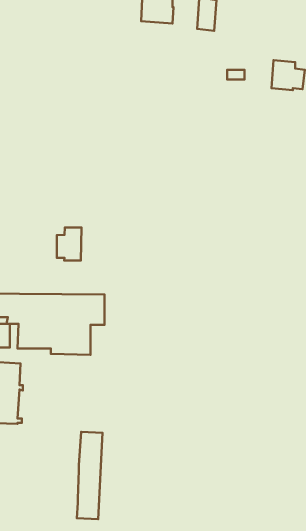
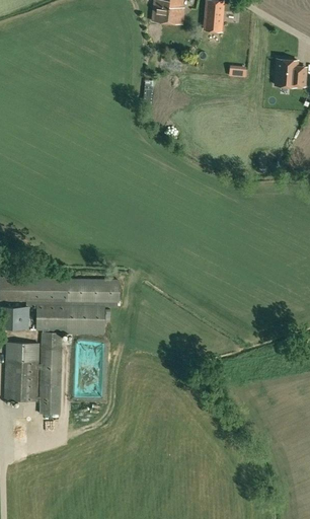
building: [57,227,82,261] -> none
building: [77,432,103,519] -> [38,332,63,415]

